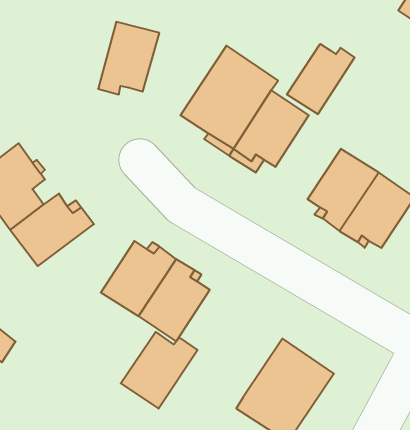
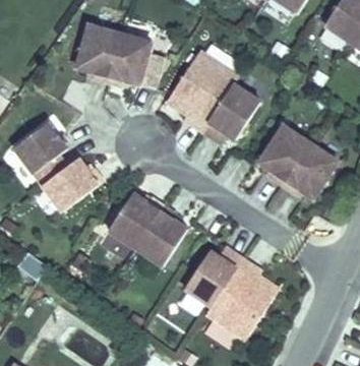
building: none -> [76,23,119,81]
building: [287,44,355,114] -> none
building: [121,332,198,409] -> [184,250,240,306]

